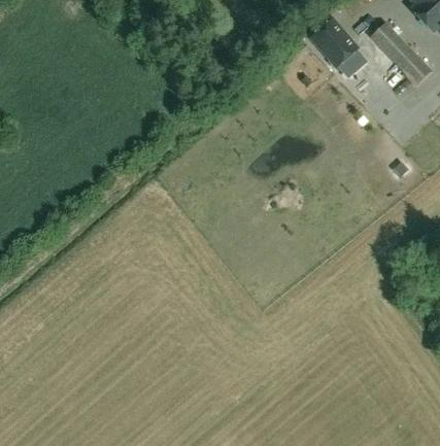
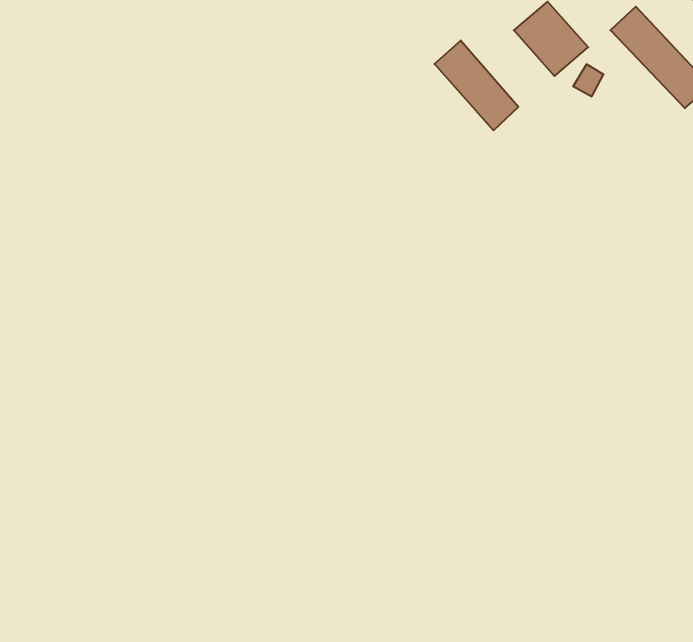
building: none -> [434,40,518,130]

